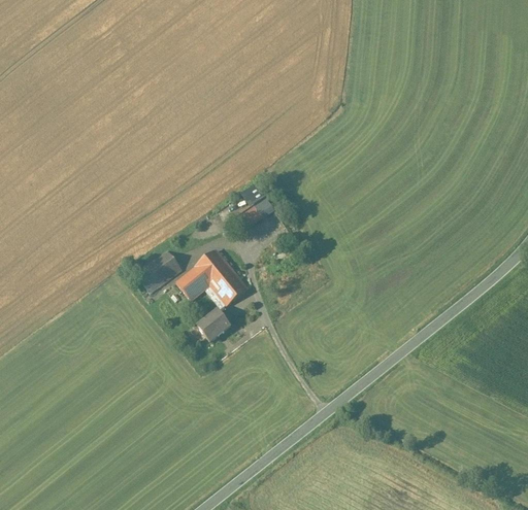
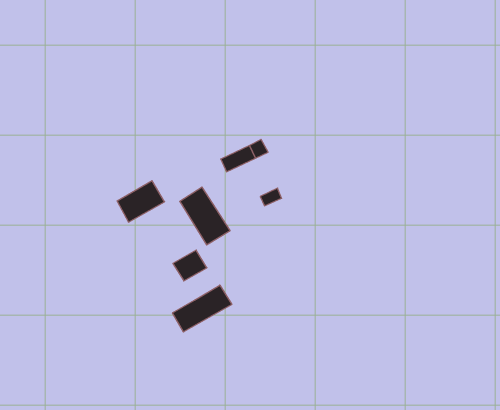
building: [176,266,210,299] -> none
building: none -> [173,285,232,332]

